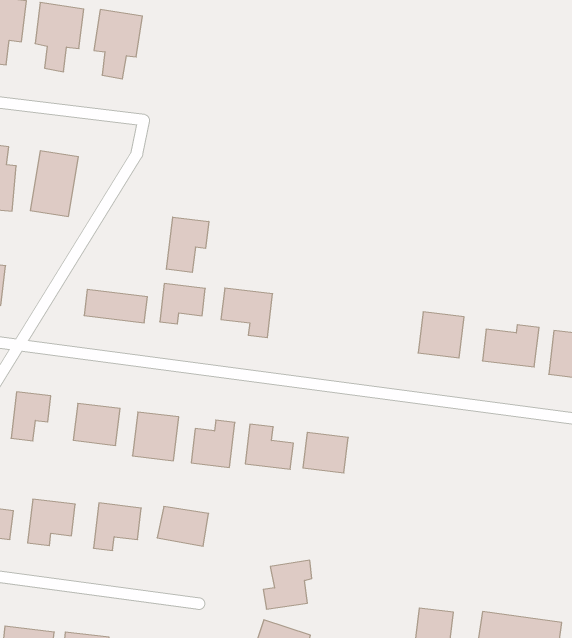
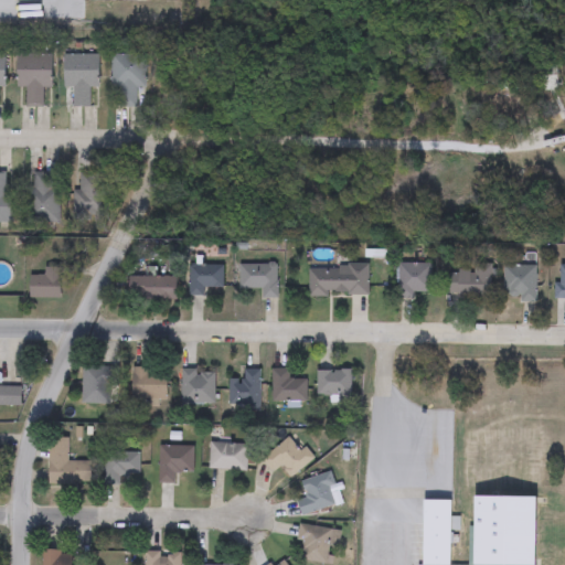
building: [166,217,209,272] -> none
building: none -> [309,265,369,296]
building: none -> [262,434,312,476]

